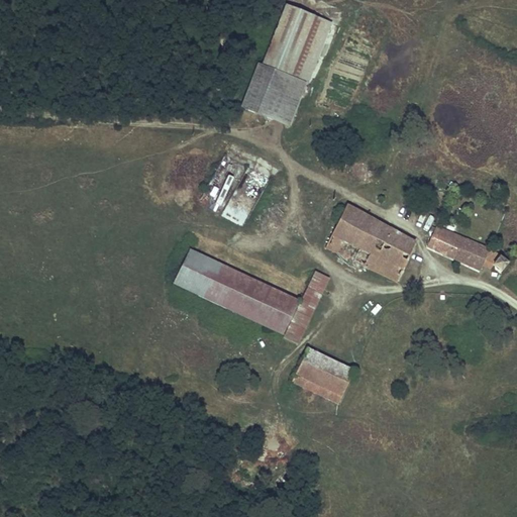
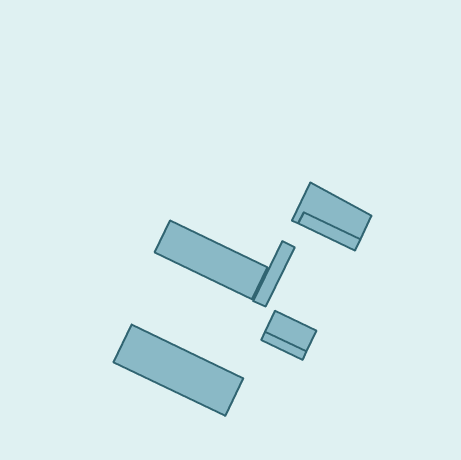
building: [241,5,332,125] -> none
building: [428,226,509,270] -> none
building: none -> [114,324,243,416]

